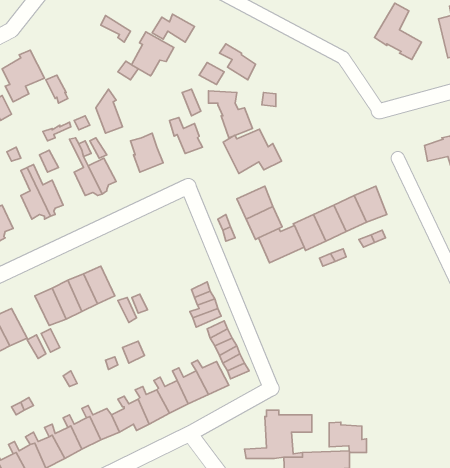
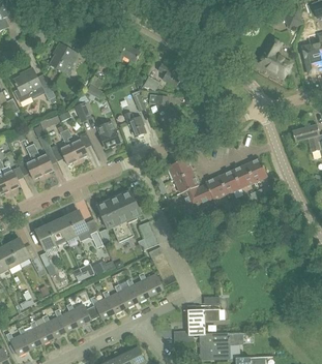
building: [132,32,174,76] -> [49,42,77,71]
building: [223,129,281,174] -> none
building: none -> [96,189,139,242]
building: [329,422,367,452] -> none

